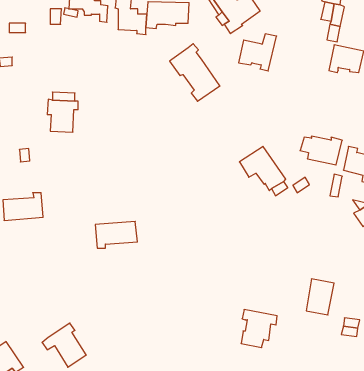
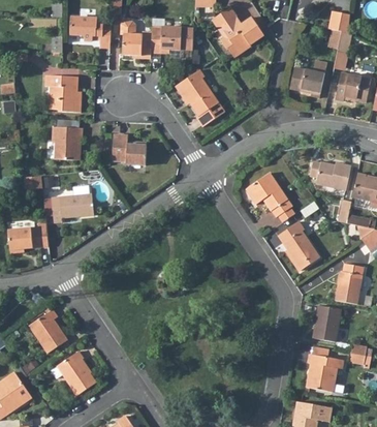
building: [239,34,277,71] -> [289,59,327,96]
building: none -> [48,75,84,113]
building: none -> [112,134,148,165]
building: none -> [277,222,319,271]
building: [95,221,137,248] -> [53,194,95,221]
building: none -> [334,265,364,306]
building: none -> [27,308,66,353]
building: [241,310,277,348] -> [306,354,342,392]

